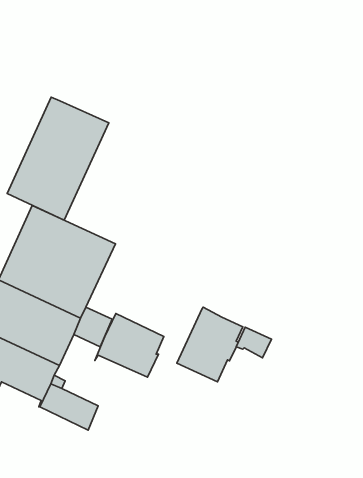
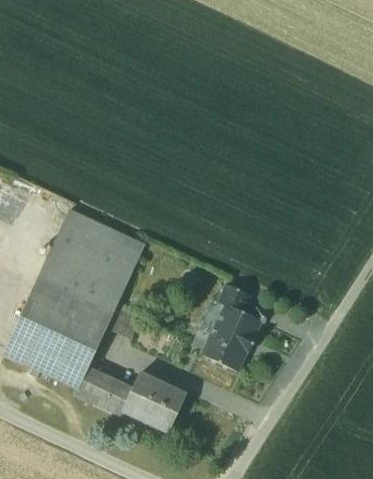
building: [7,97,109,220] -> none
building: [95,313,164,377] -> [120,371,183,430]
building: [236,327,271,358] -> [218,283,250,311]

